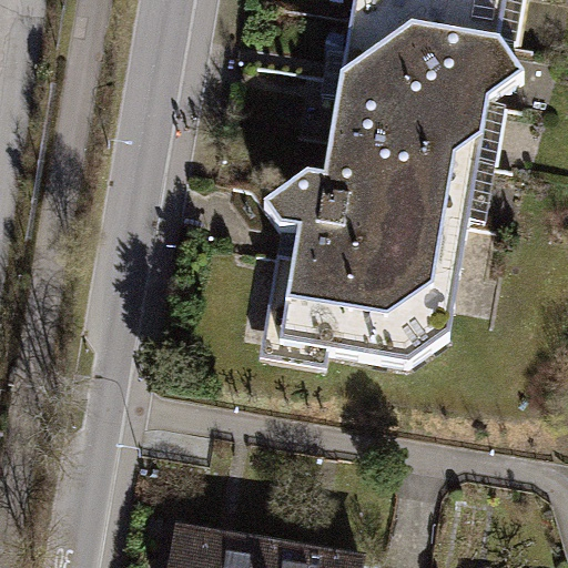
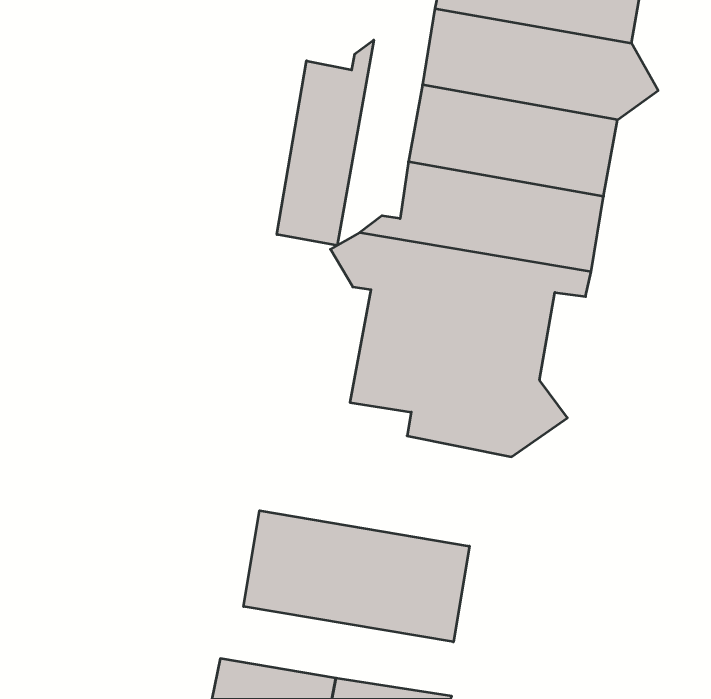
building: none -> [277,40,374,245]
building: none -> [244,511,469,642]

